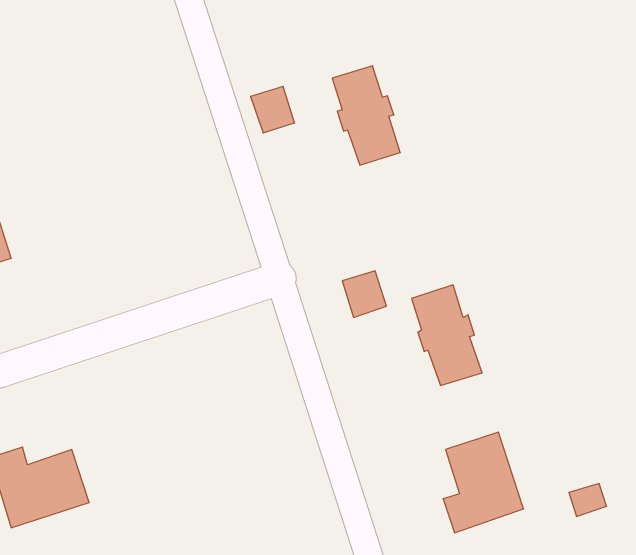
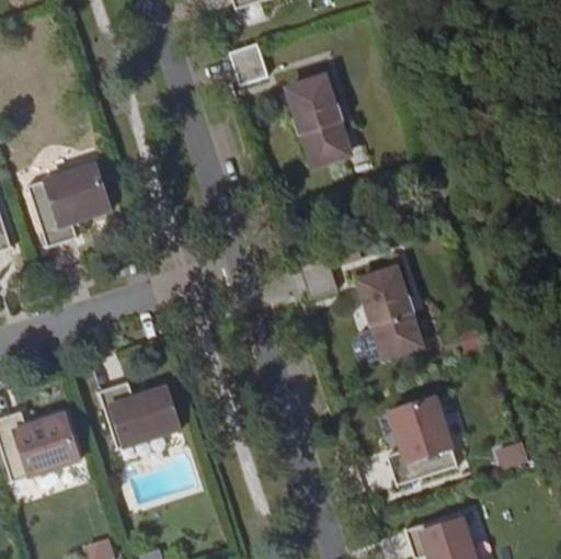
building: [251,86,295,133] -> [229,43,267,83]
building: none -> [27,163,110,247]
building: none -> [99,381,180,449]

